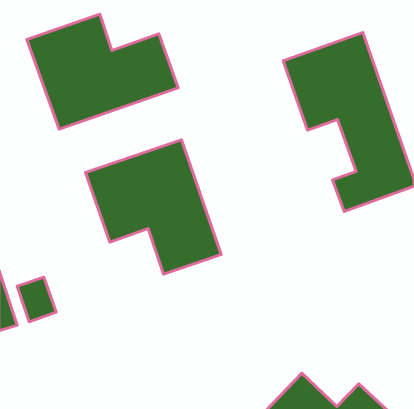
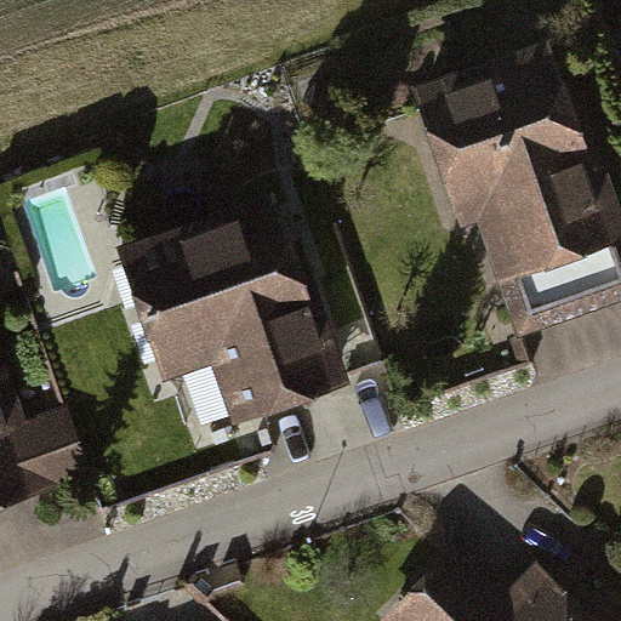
building: [27,14,178,129] -> none

